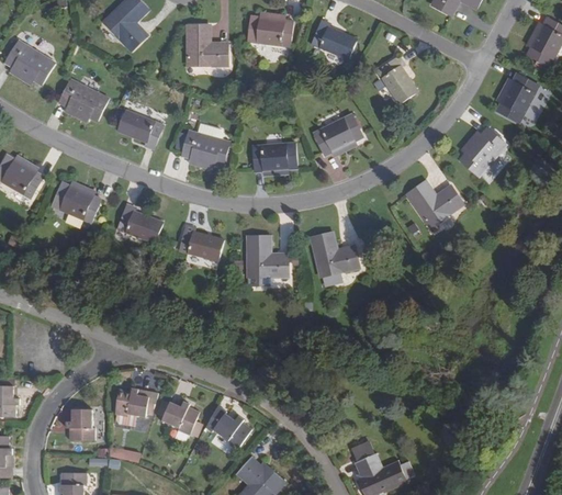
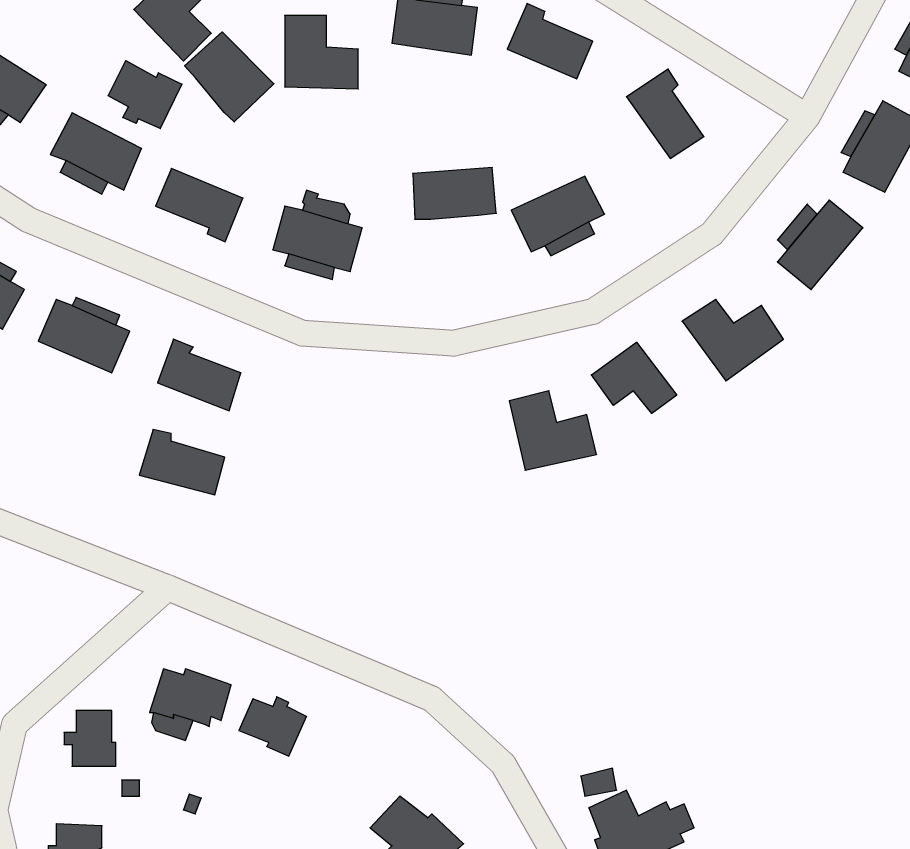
building: none -> [185,32,274,122]
building: none -> [108,61,182,129]
building: [251,143,297,171] -> [413,168,496,219]
building: none -> [591,342,677,413]
building: [177,225,224,261] -> [139,429,225,495]
building: [247,236,286,277] -> none
building: [212,413,250,450] -> none

